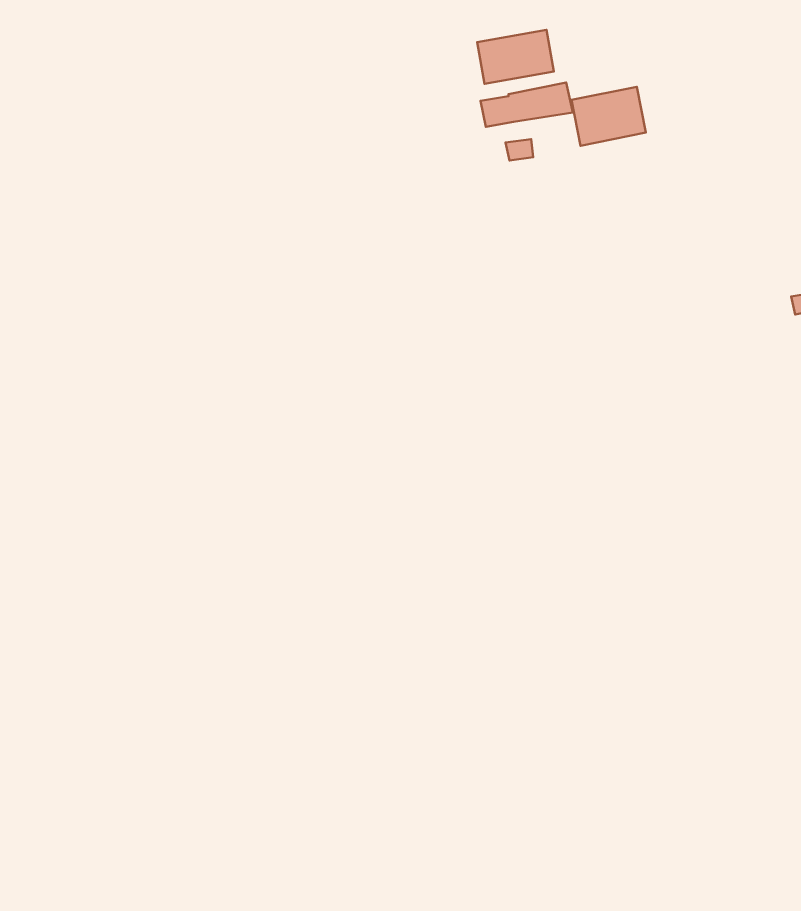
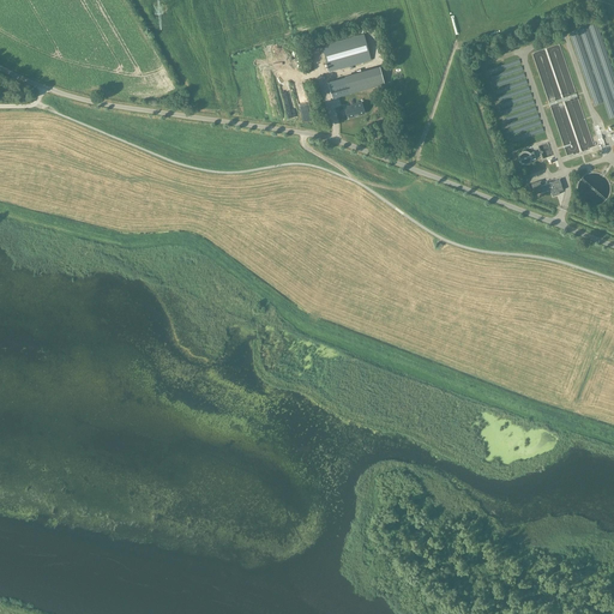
building: [571,87,646,146] -> none

